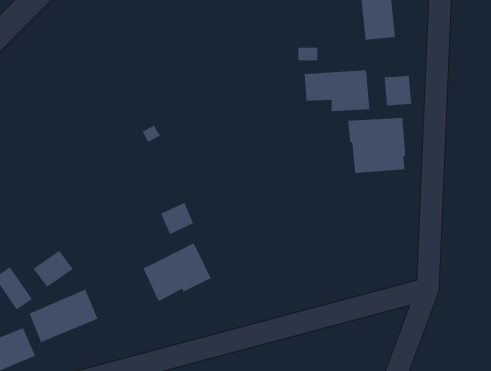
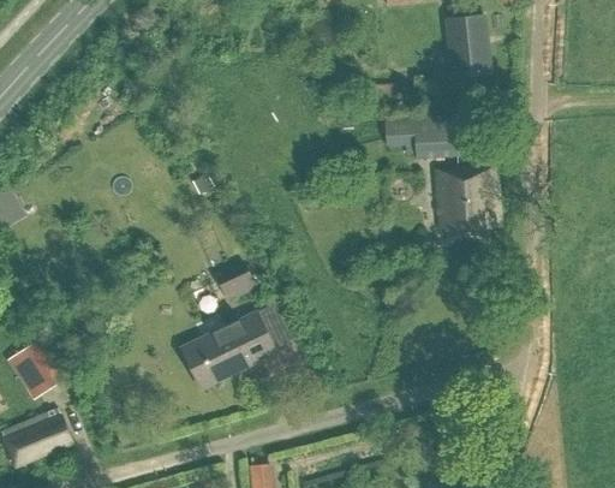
building: [384,75,412,106] -> none
building: [33,250,74,288] -> none
building: [29,288,99,343] -> none

